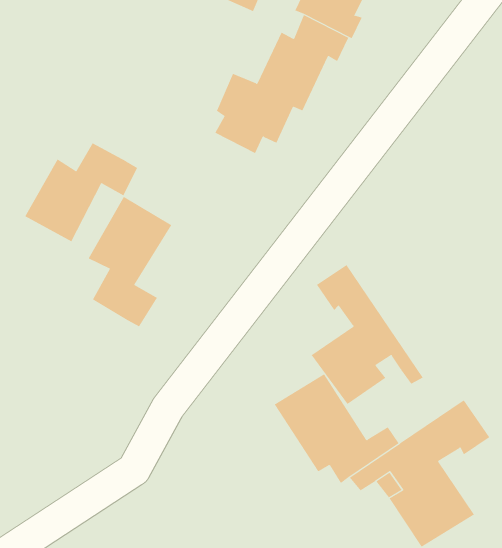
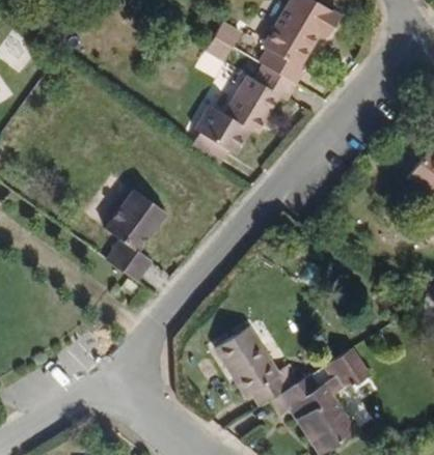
building: [24,142,138,242] -> none
building: [311,264,424,405] -> none

